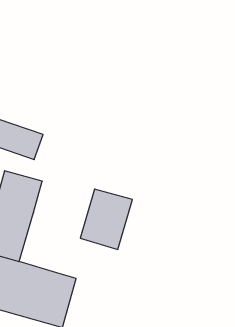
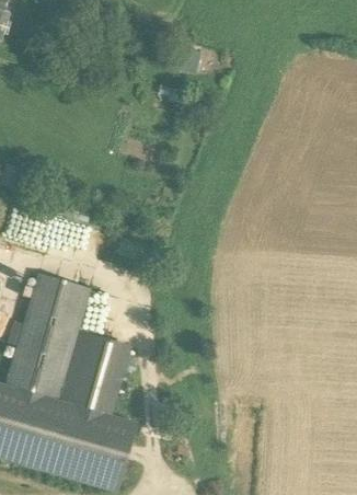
building: [80,189,132,249] -> [56,333,127,415]

